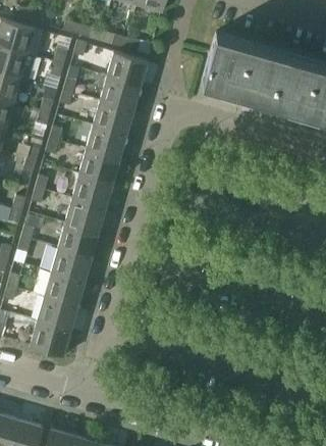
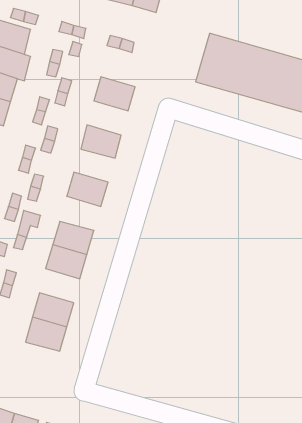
building: [107,53,149,89] -> none
building: [93,103,134,138] -> none
building: [79,152,121,186] -> none
building: [65,200,107,235] -> none
building: [45,274,86,308] -> none

